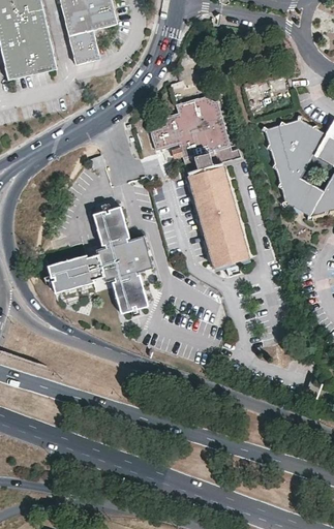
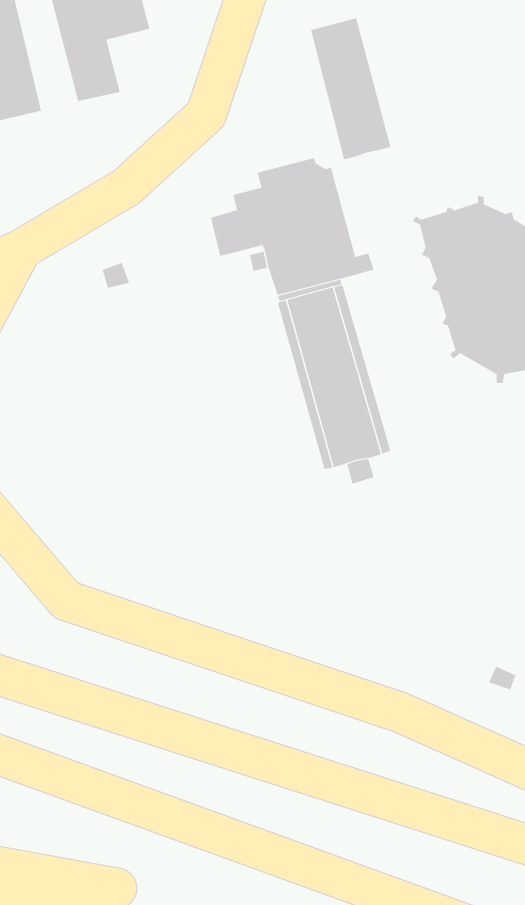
building: none -> [311,17,391,160]
building: [48,206,148,312] -> none

